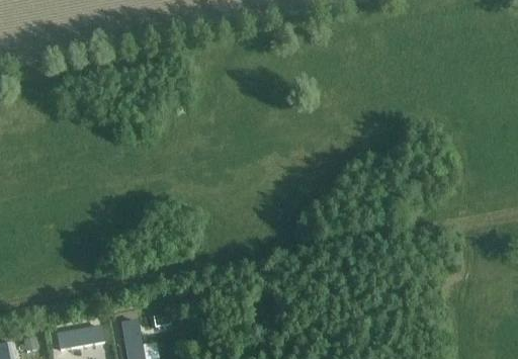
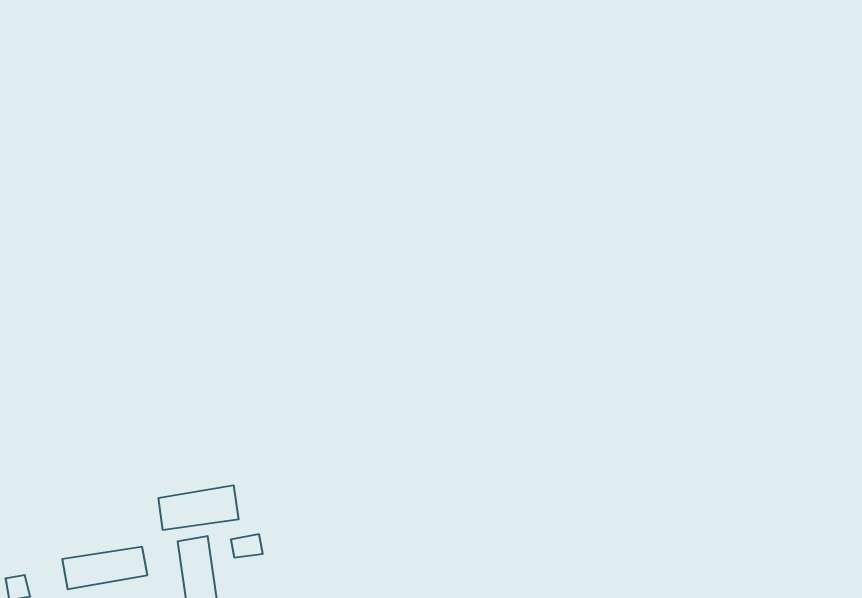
building: none -> [159,485,239,530]

